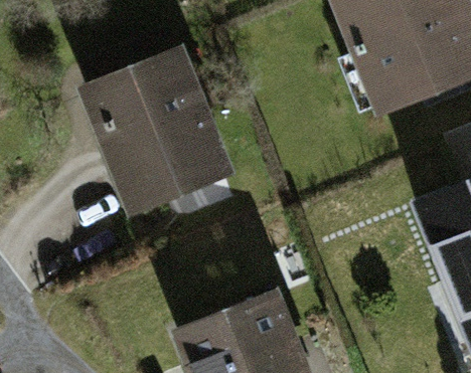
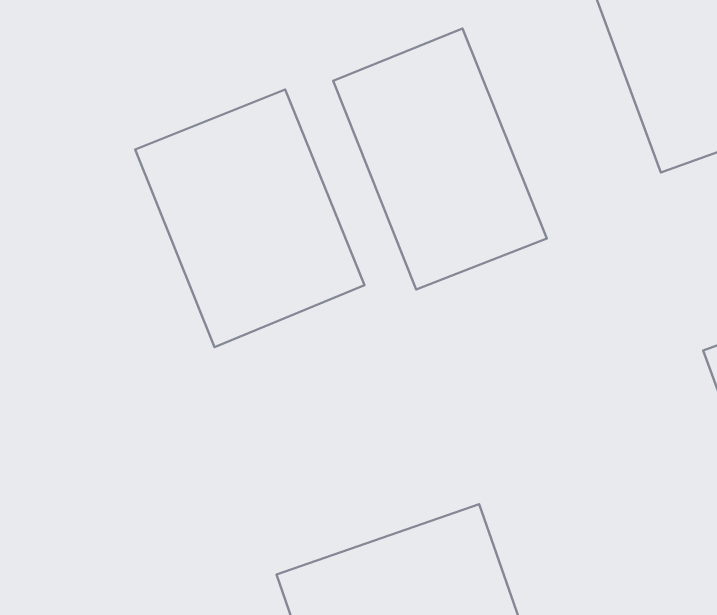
building: none -> [333,29,547,290]

